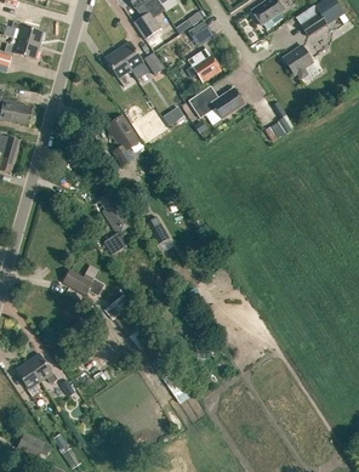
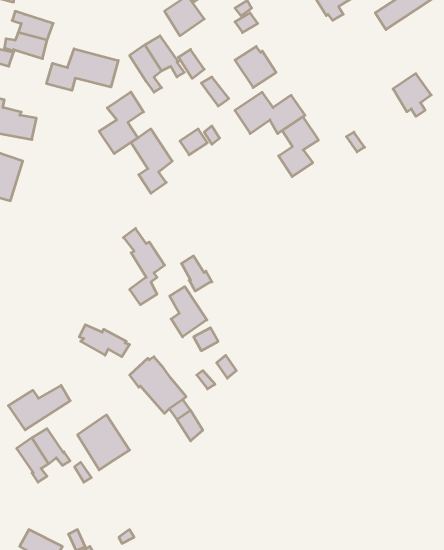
building: [283,45,313,79] -> [393,74,431,116]
building: none -> [47,49,118,90]
building: none -> [99,92,144,154]
building: none -> [279,117,318,177]
building: none -> [170,287,207,337]
building: none -> [8,385,70,430]

